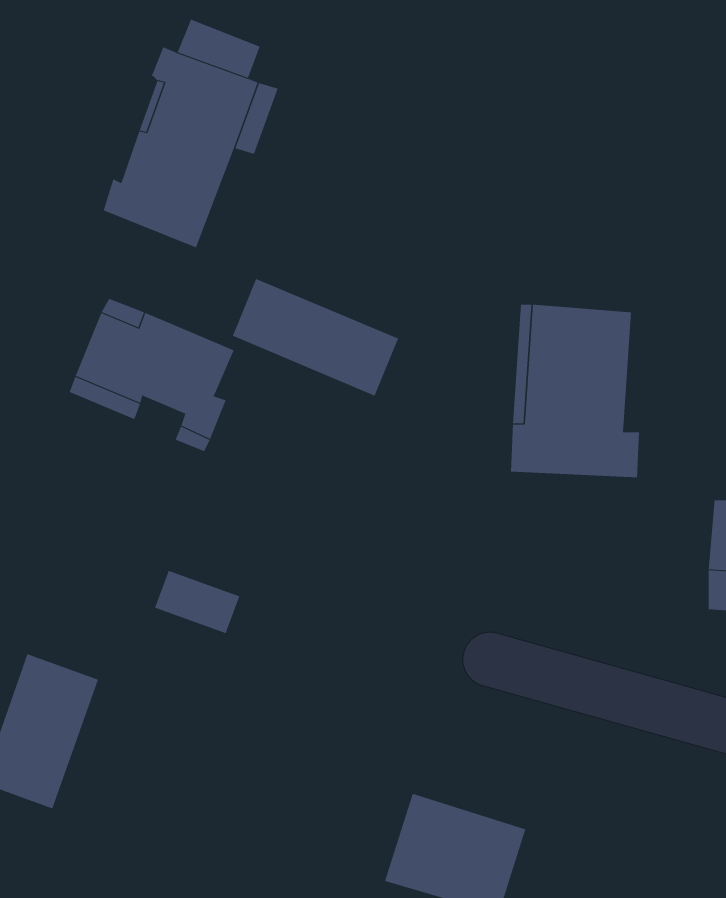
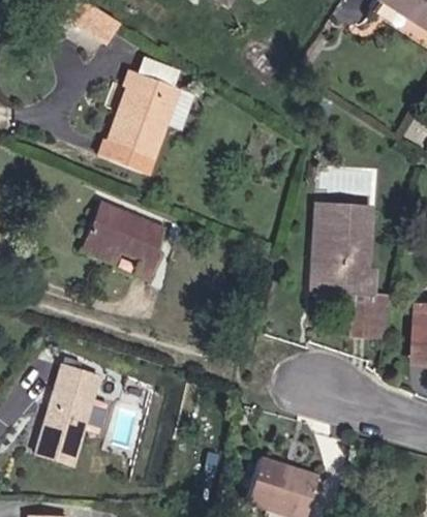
building: [232,278,399,396] -> none
building: none -> [350,297,392,338]
building: [154,570,240,634] -> [59,365,103,398]

